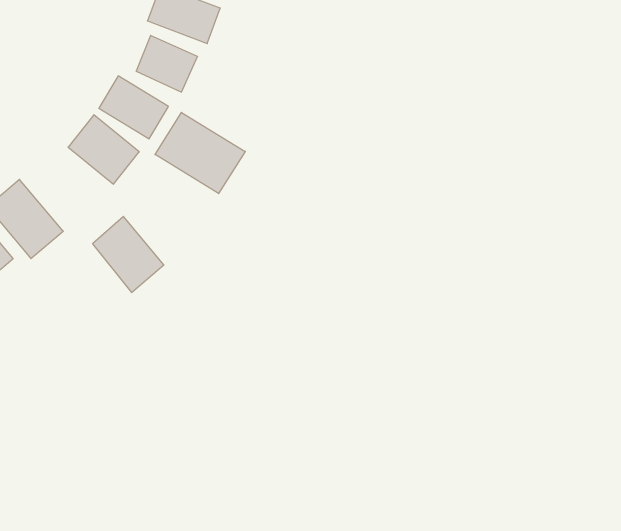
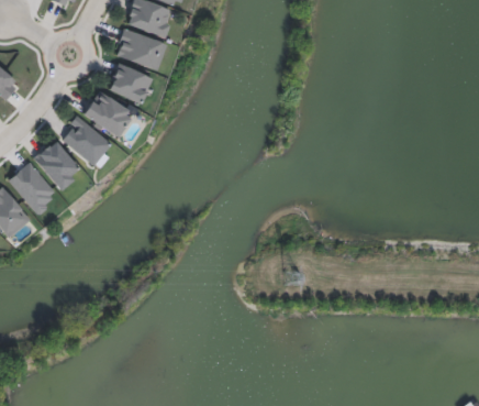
building: [155,112,245,194] -> none
building: [93,216,164,292] -> [33,139,81,190]

